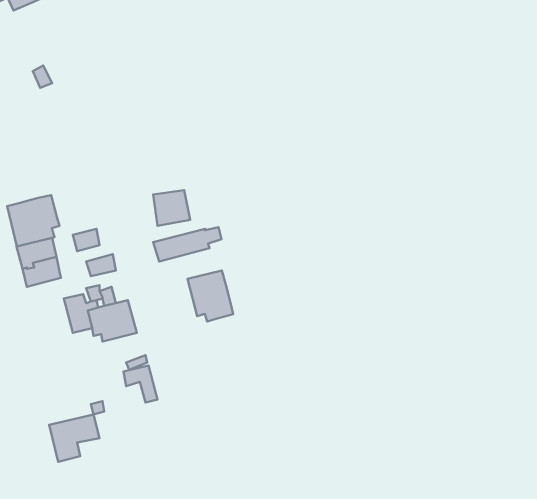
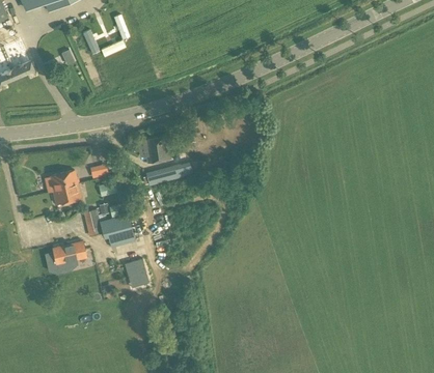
building: [7,195,60,246] -> none
building: [188,271,233,322] -> none
building: [49,414,100,462] -> [52,241,87,275]

